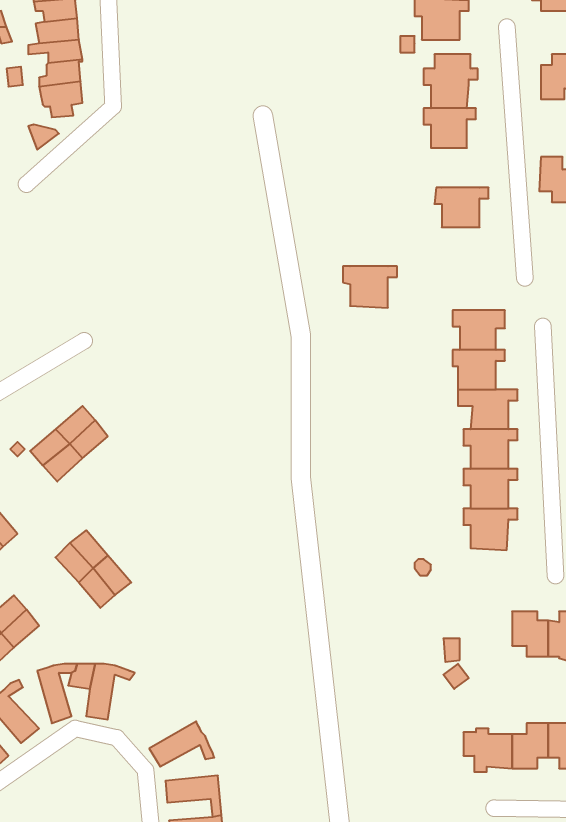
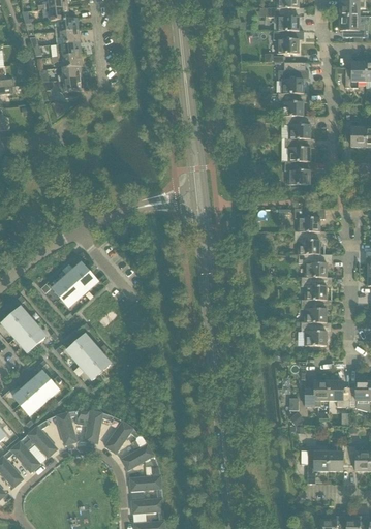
building: none -> [284,115,314,137]
building: [343,266,397,308] -> [283,160,314,184]
building: none -> [305,380,328,405]
building: none -> [104,421,140,453]

